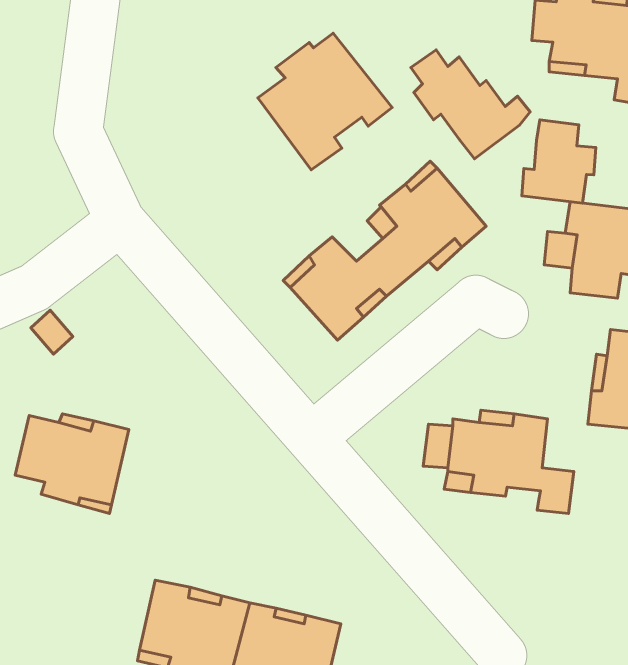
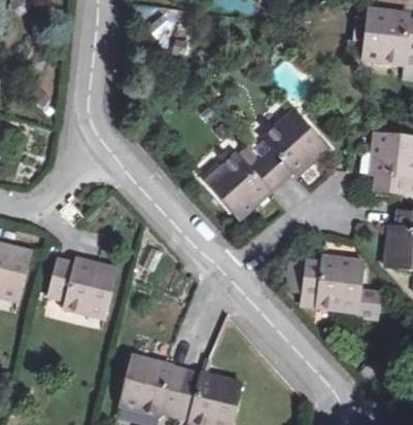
building: [258,33,392,170] -> none
building: [411,50,530,159] -> none
building: [522,120,596,203] -> none

